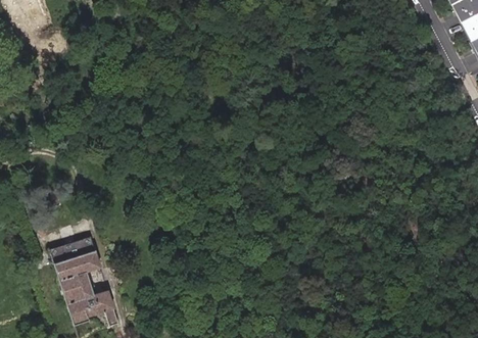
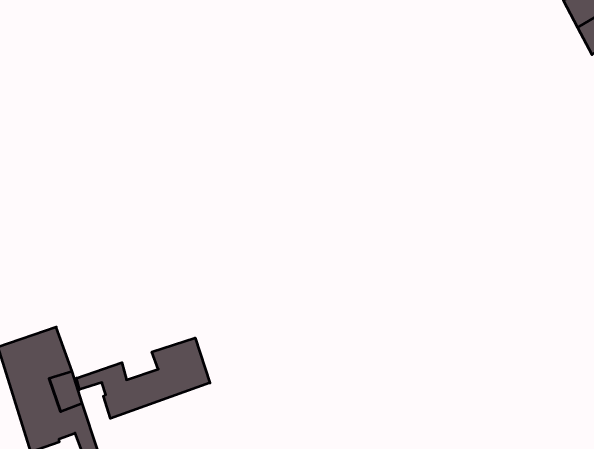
building: none -> [77,338,210,418]

